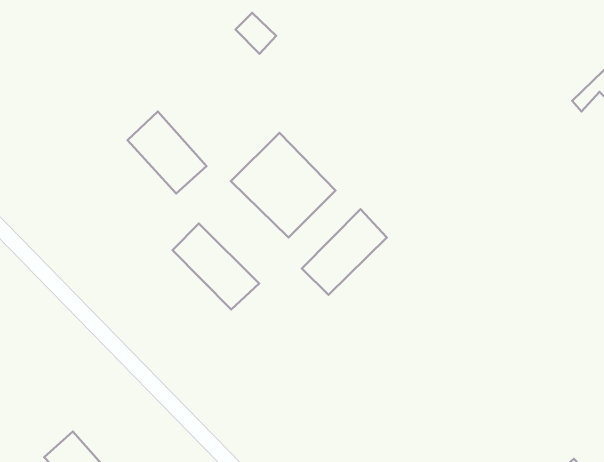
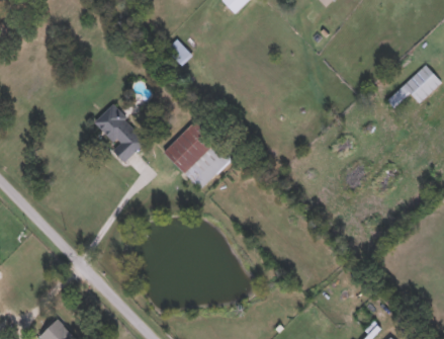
building: [302,209,387,295] -> none
building: [172,224,259,310] -> none

